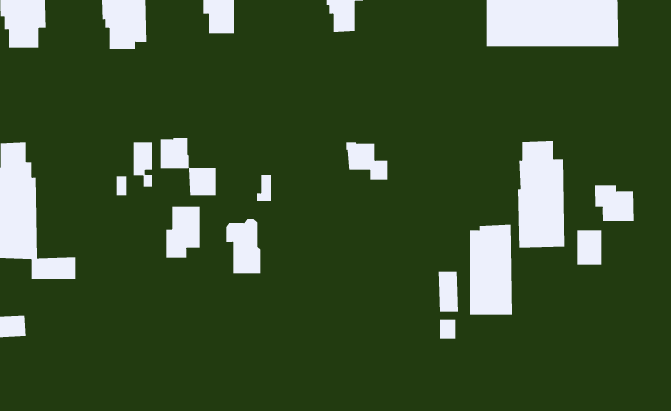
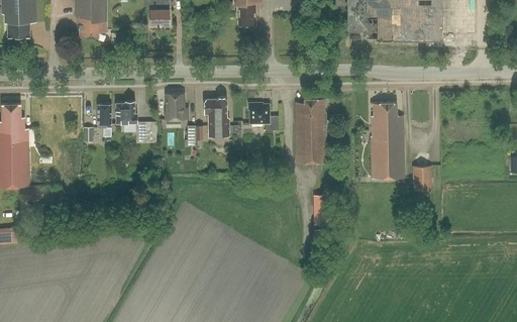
building: none -> [165,93,188,119]
building: [595,184,634,222] -> none
building: [166,206,200,259] -> none
building: [226,218,261,274] -> [203,96,228,135]
building: [469,224,513,315] -> [297,97,328,162]

